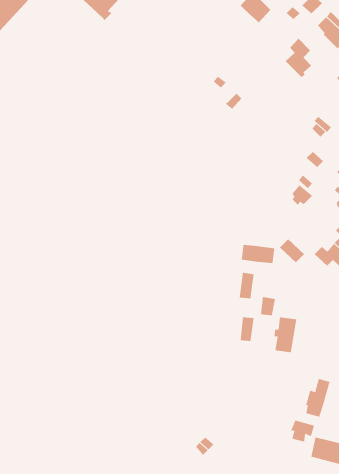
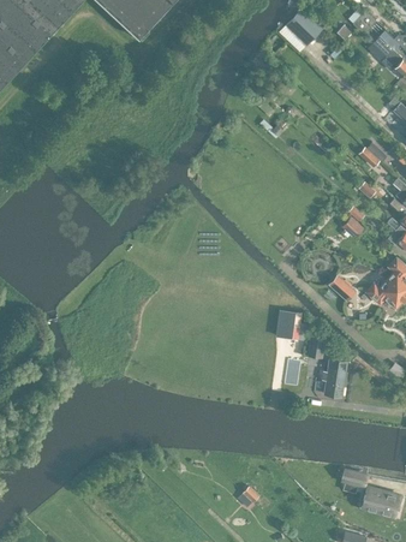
building: [285,38,312,78] -> none
building: [241,244,275,264] -> none
building: [306,378,330,418] -> none

